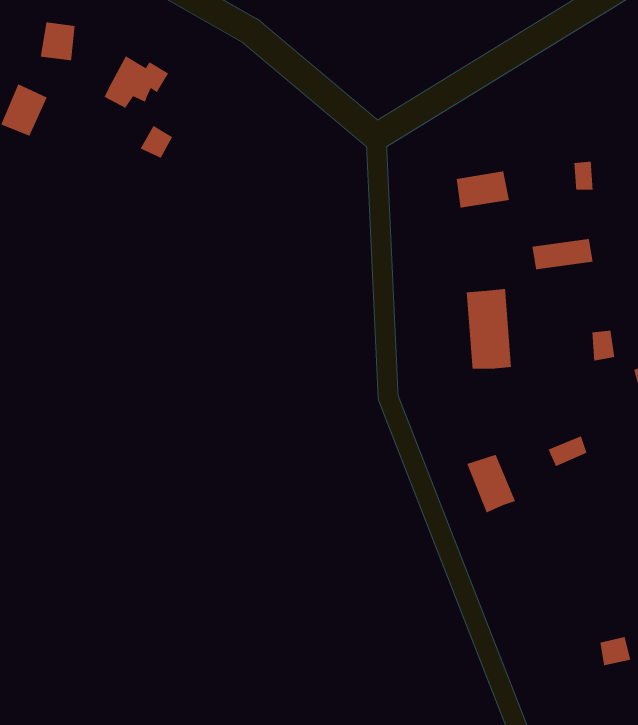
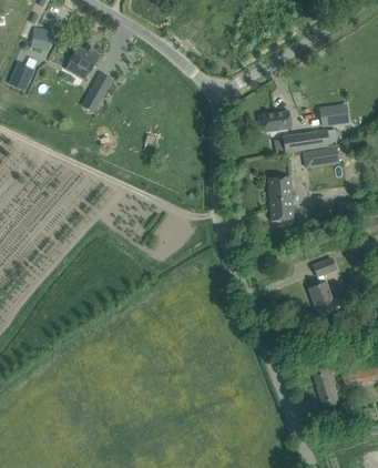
building: none -> [282,129,328,151]
building: [466,454,516,513] -> [308,282,336,315]
building: none -> [308,354,338,408]

